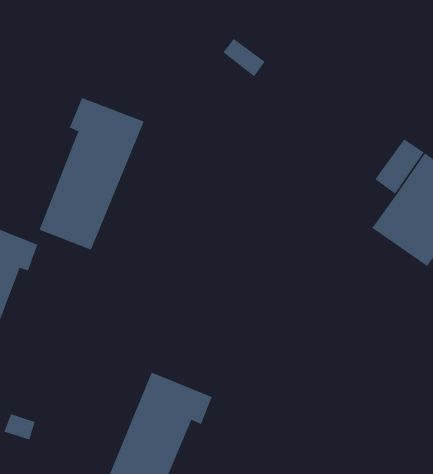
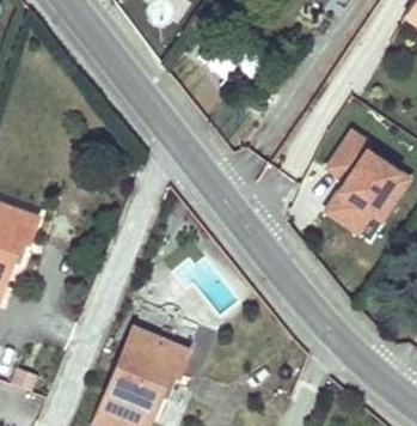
building: [39,97,144,250] -> none

